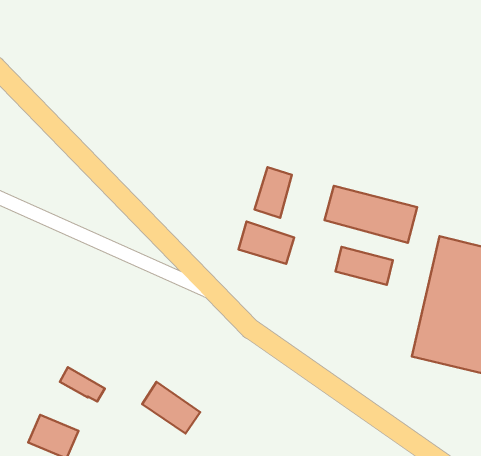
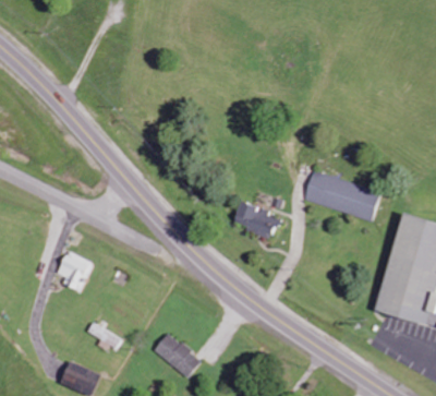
building: [255,167,292,218] -> none
building: [335,247,393,285] -> none
building: none -> [58,250,93,291]

